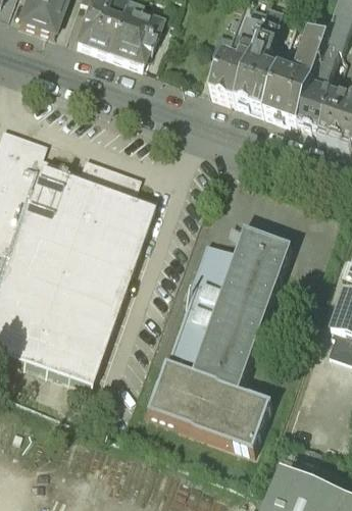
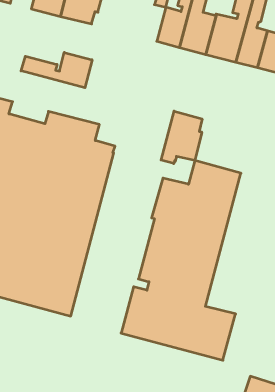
building: none -> [21,52,92,88]
building: none -> [161,111,202,164]

